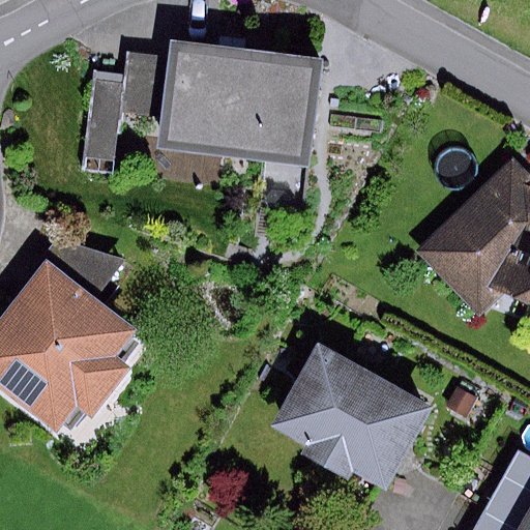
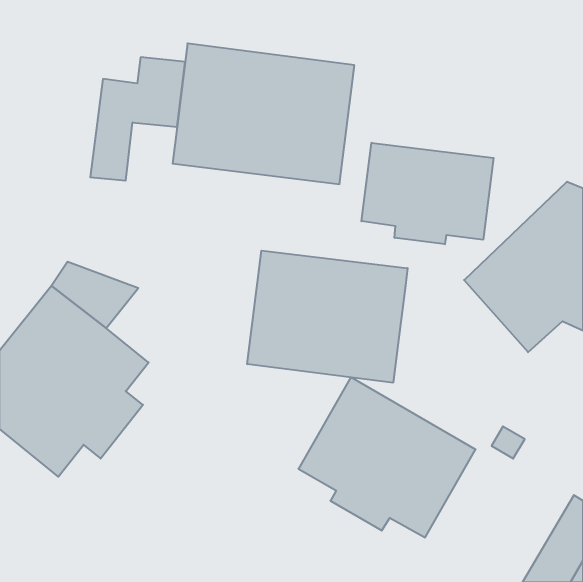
building: none -> [361,143,494,244]
building: none -> [247,251,408,383]

